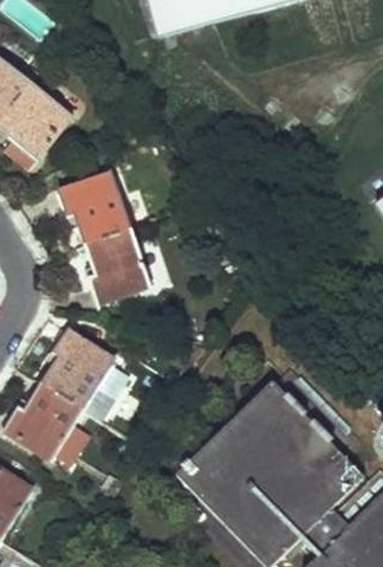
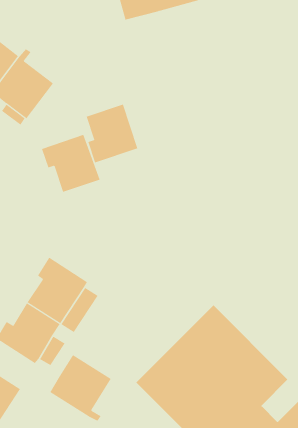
building: [84,232,148,304] -> [86,104,138,163]
building: none -> [50,354,112,422]

